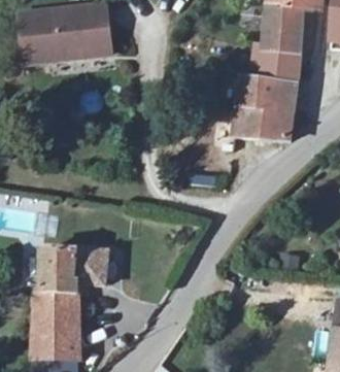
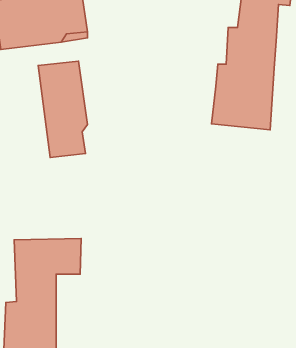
building: none -> [38,61,87,158]

